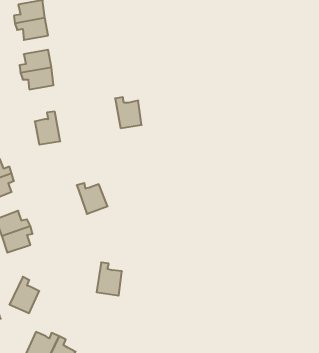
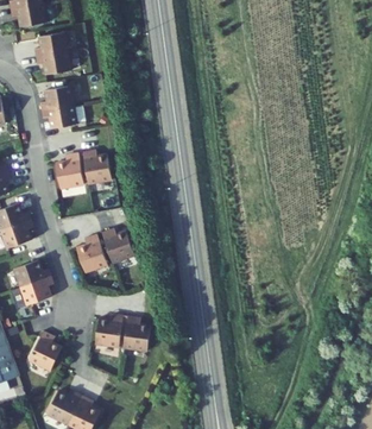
building: [115,97,142,128] -> [82,151,111,184]
building: none -> [76,234,107,273]
building: none -> [95,315,122,348]

